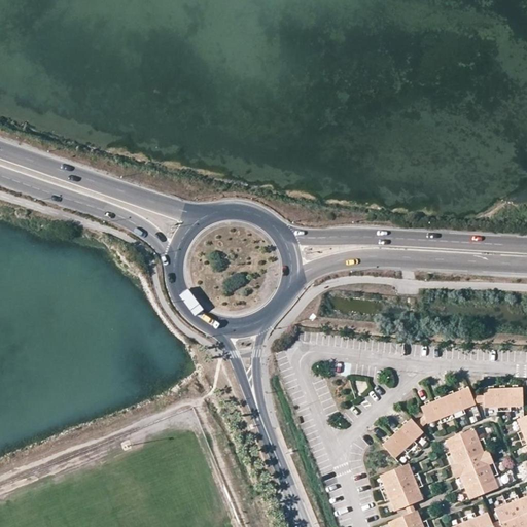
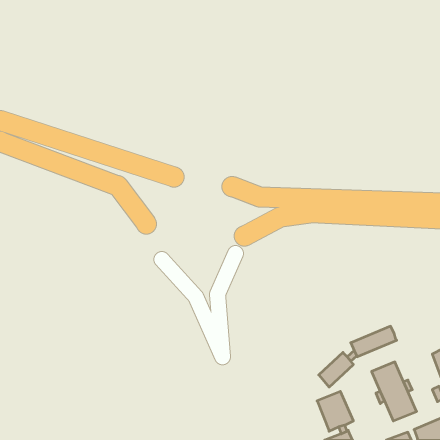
building: [482,387,522,408] -> none

